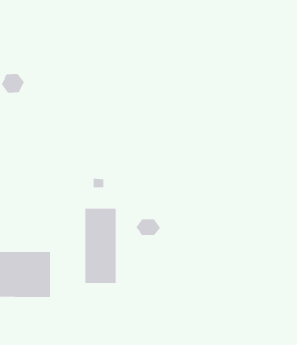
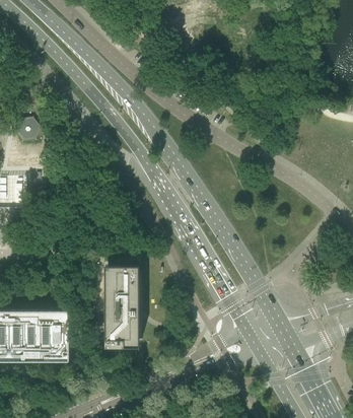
building: [136,218,161,236] -> none

